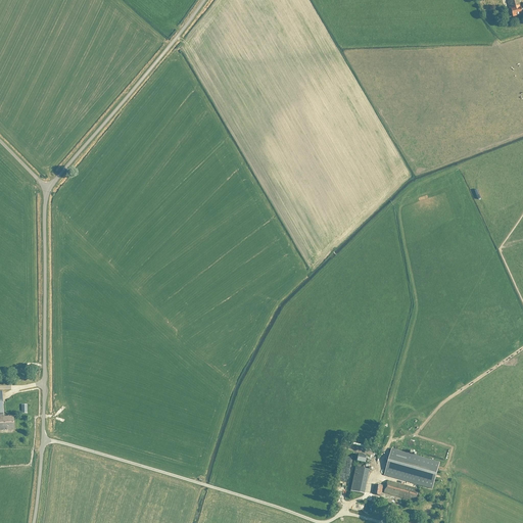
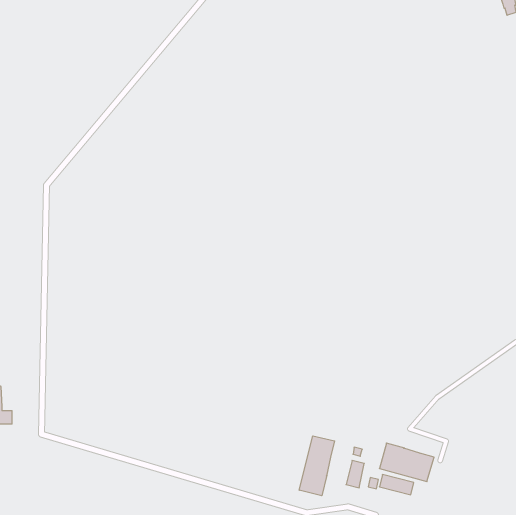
building: none -> [299,436,335,496]

